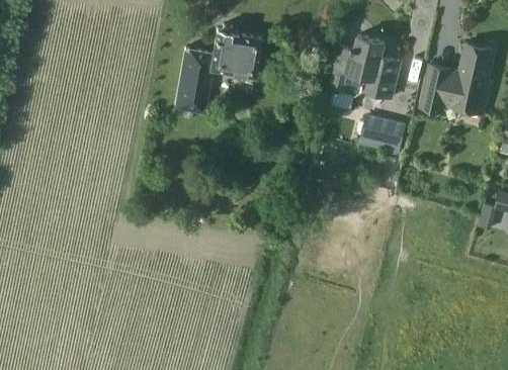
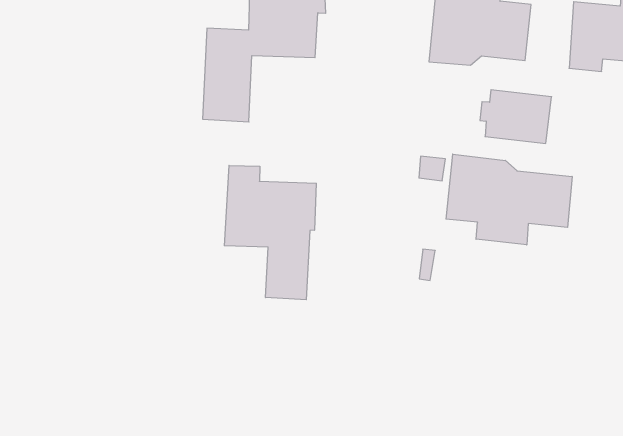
building: none -> [224,165,316,300]
building: none -> [446,154,572,245]

